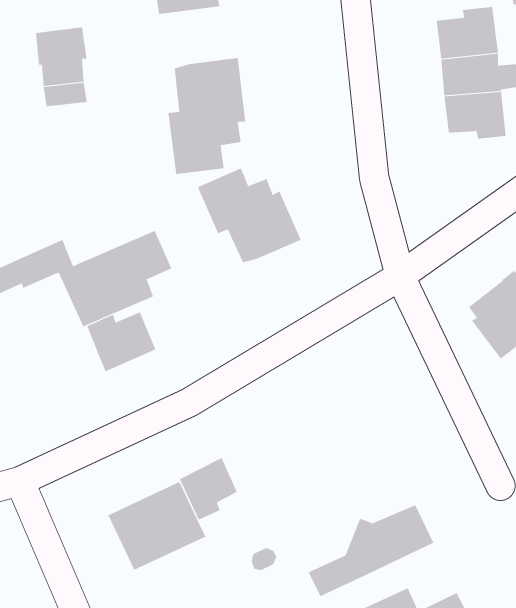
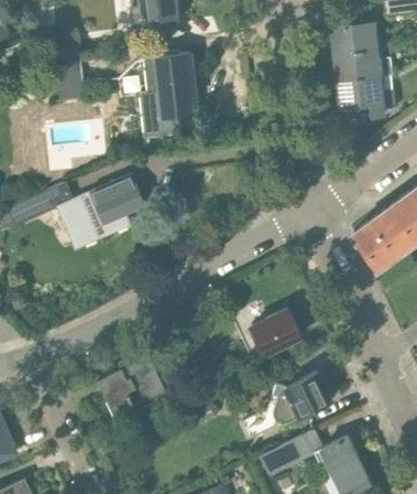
building: [197,168,301,263] -> none
building: [86,312,156,372] -> none
building: none -> [251,309,299,354]
building: [179,457,238,521] -> none

